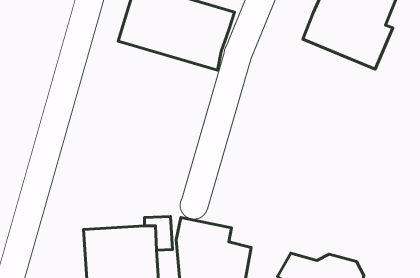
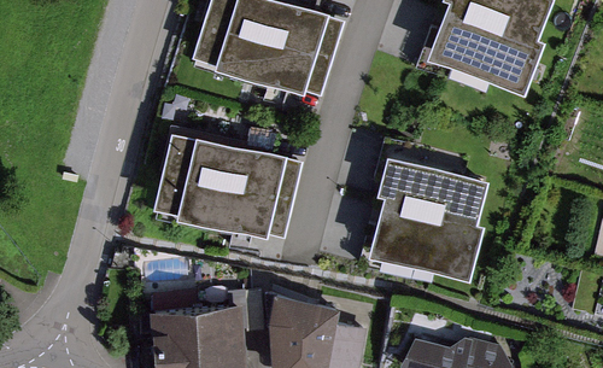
building: none -> [156,136,302,241]
building: none -> [367,151,486,278]

